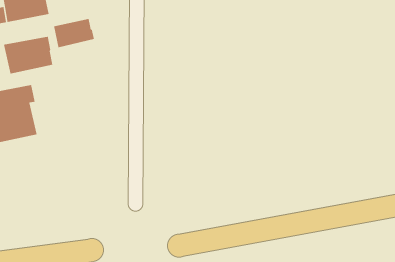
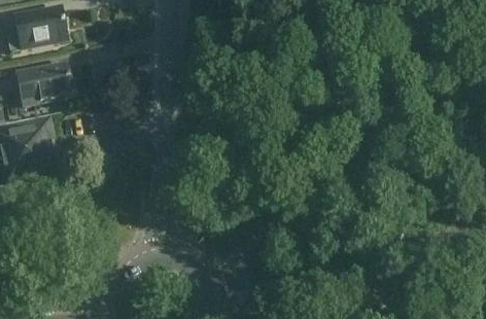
building: [53,18,94,48] -> none

